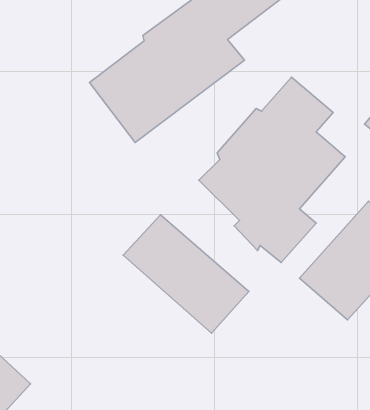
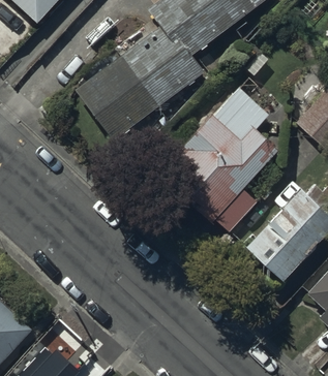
building: [123,215,249,333] -> none

